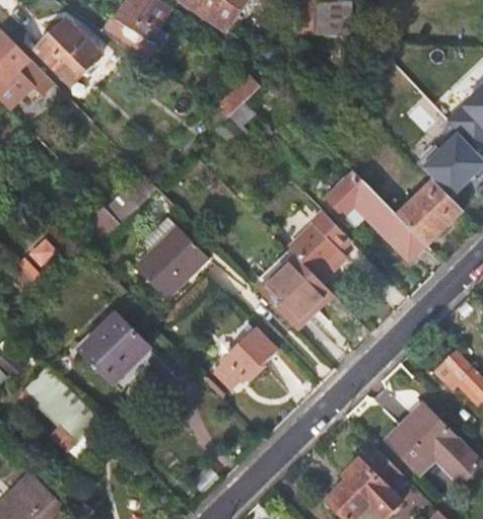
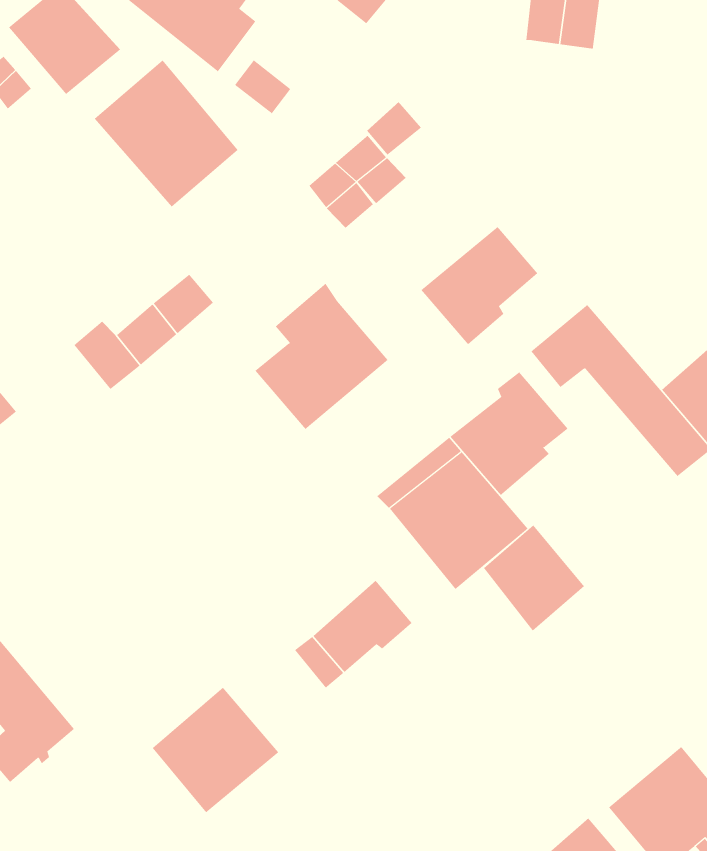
building: none -> [94,59,238,207]
building: none -> [421,226,538,345]
building: [135,220,206,299] -> [254,283,389,430]
building: none -> [483,525,585,631]
building: [81,315,149,383] -> [152,687,279,813]

